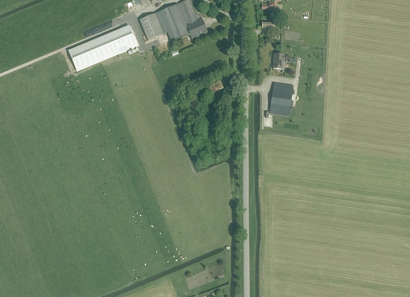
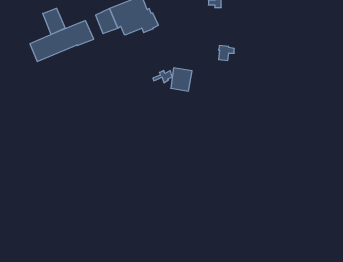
building: none -> [43,8,65,35]
building: [269,90,292,115] -> [171,68,192,91]

